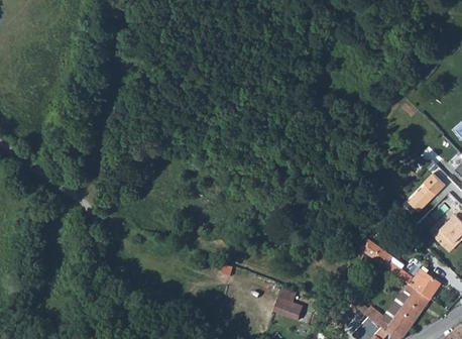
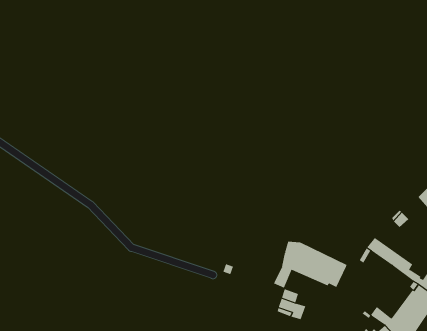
building: none -> [274,241,347,288]

